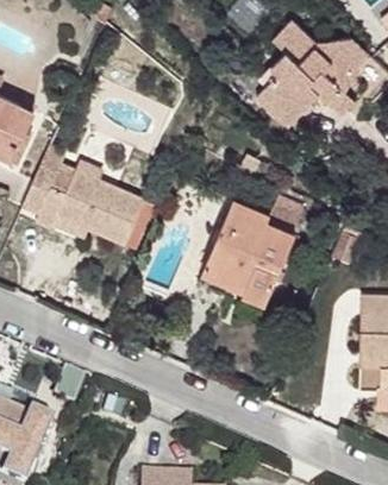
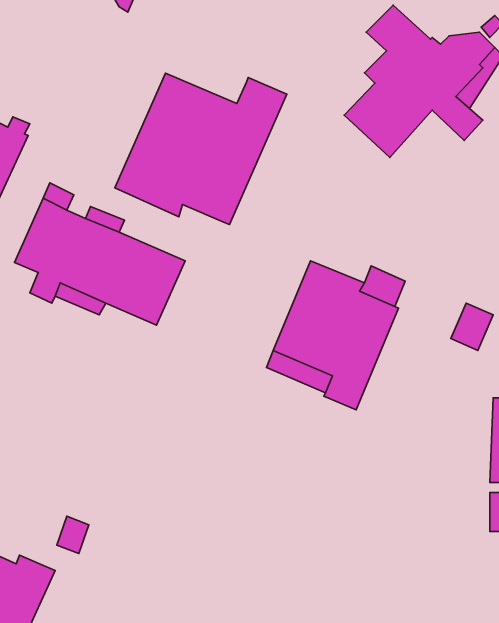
building: none -> [115,73,287,224]

